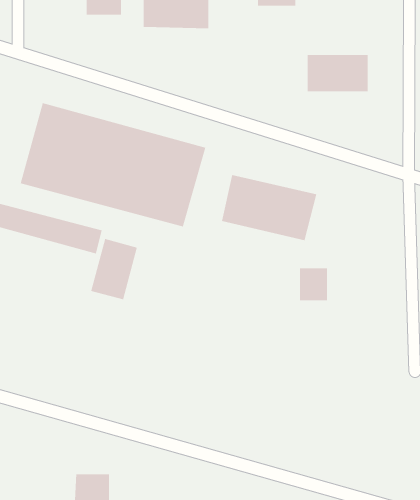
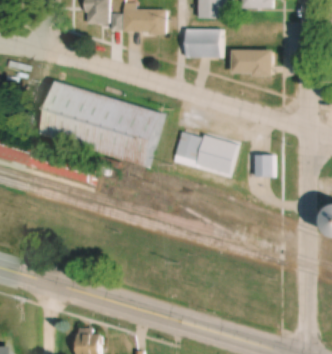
building: none -> [186,29,221,58]
building: [91,238,138,300] -> none
building: [299,268,328,301] -> [256,154,275,176]

